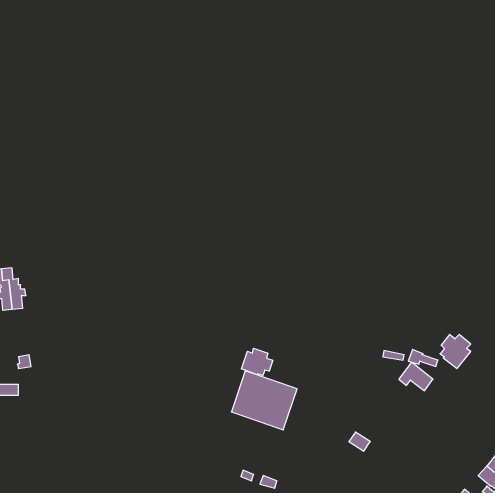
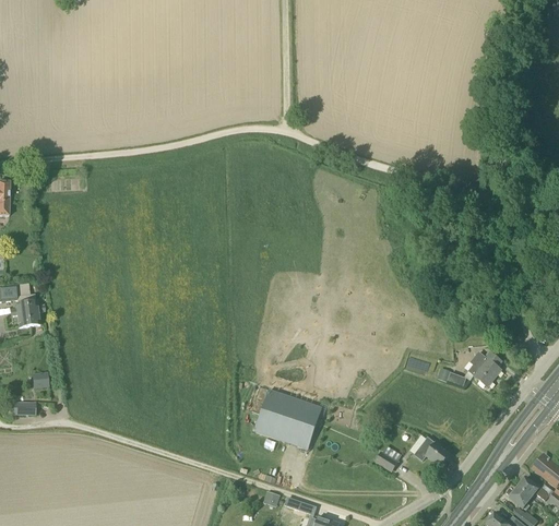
building: [241,348,273,376] -> none
building: [399,362,433,391] -> [414,437,449,466]

